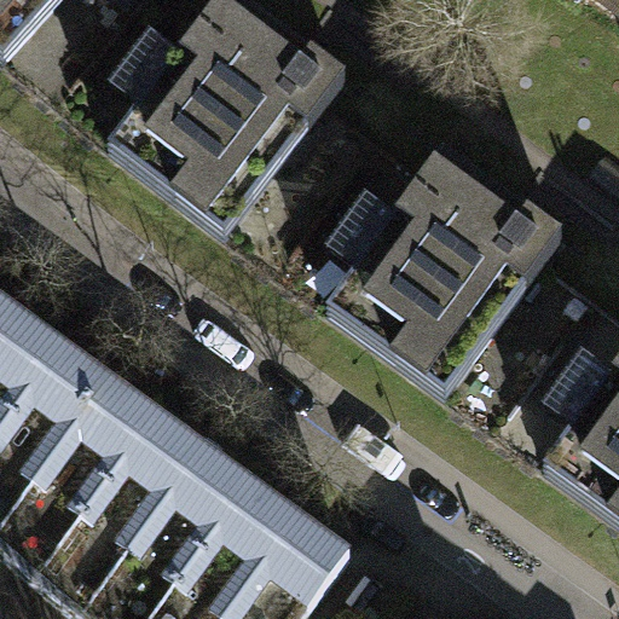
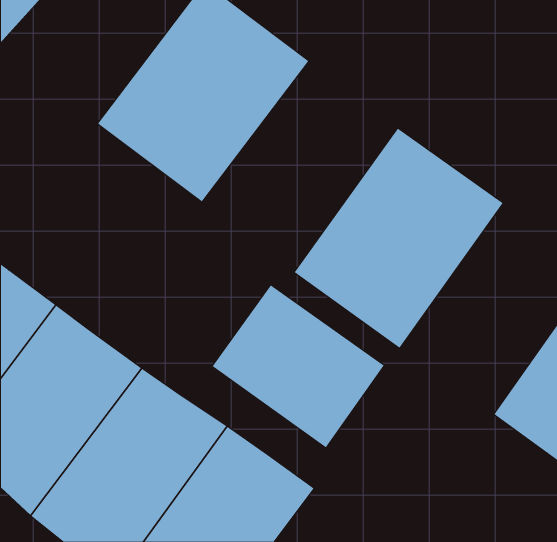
building: none -> [212,285,384,448]

